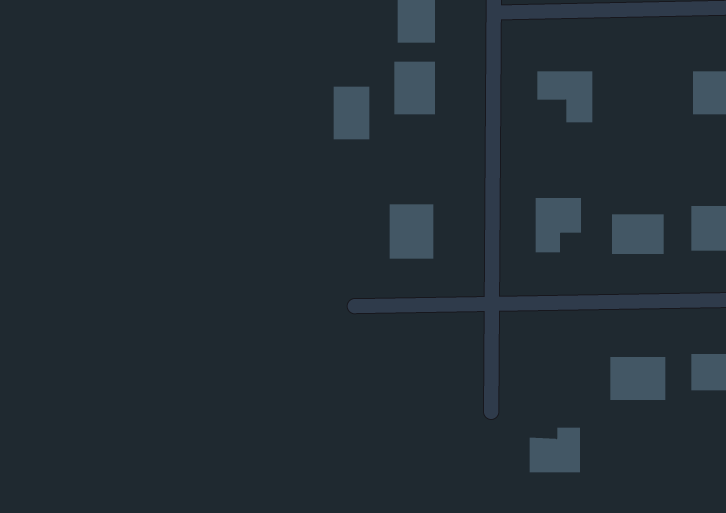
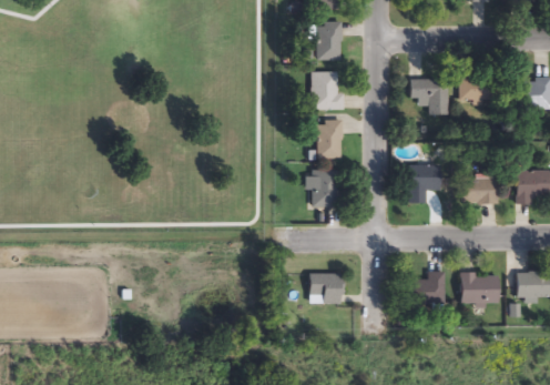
building: none -> [460,77,503,101]
building: [333,86,370,140] -> [317,122,343,159]
building: none -> [308,274,343,304]
building: [529,427,581,473] -> [409,273,445,304]

